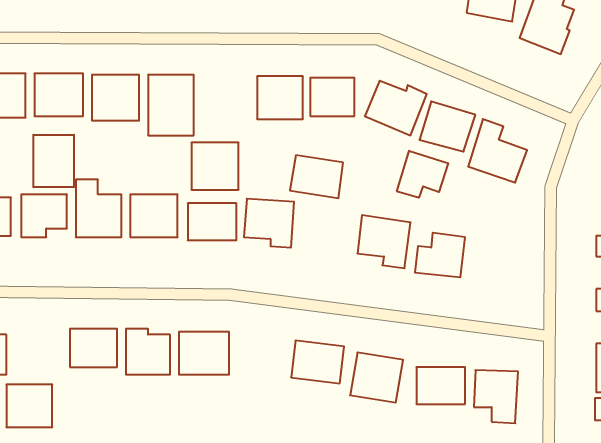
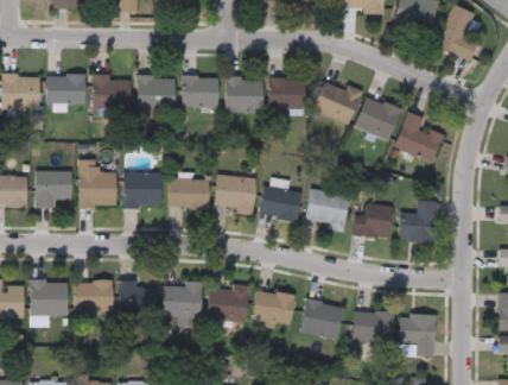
building: [33,135,74,187] -> none
building: [191,143,239,190] -> [182,76,220,114]
building: [397,151,448,198] -> none
building: [290,155,343,198] -> [259,187,301,221]
building: none -> [399,200,439,244]
building: none -> [208,286,248,322]
building: [6,384,52,427] -> [31,280,68,315]

